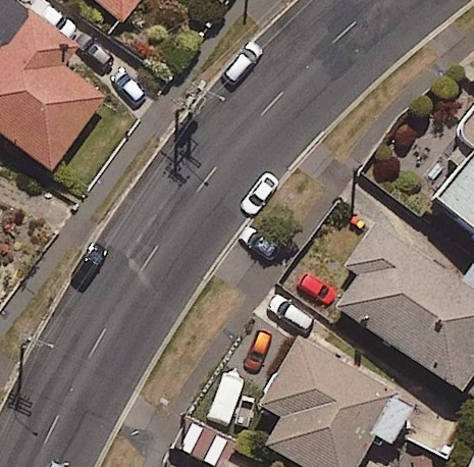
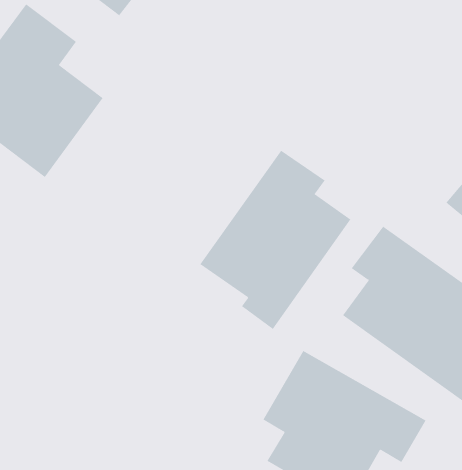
building: none -> [200,150,351,330]

